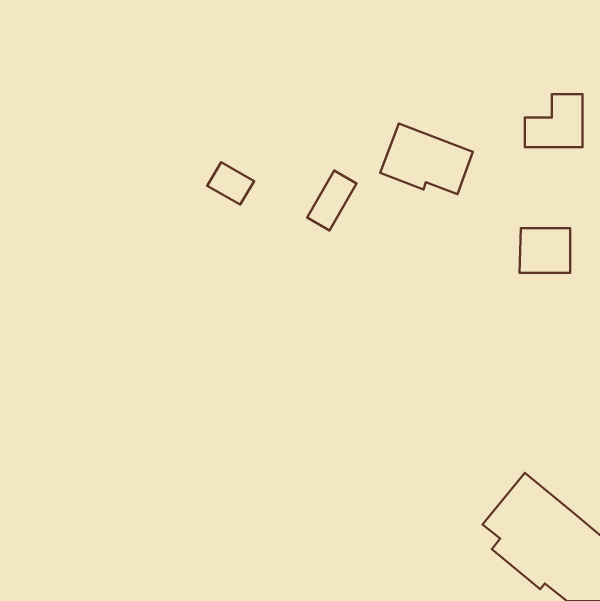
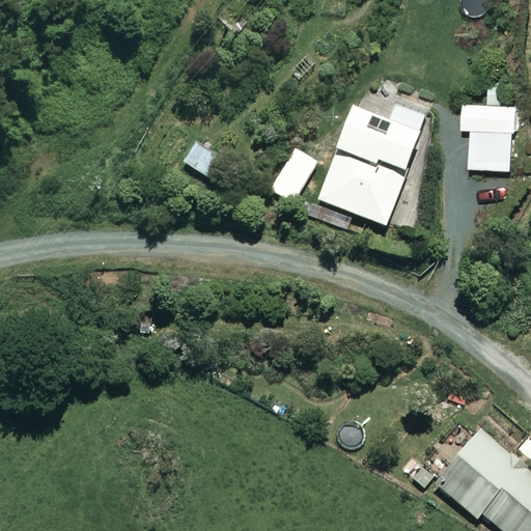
building: none -> [317,152,404,225]
building: [520,228,570,273] -> [470,130,514,169]

